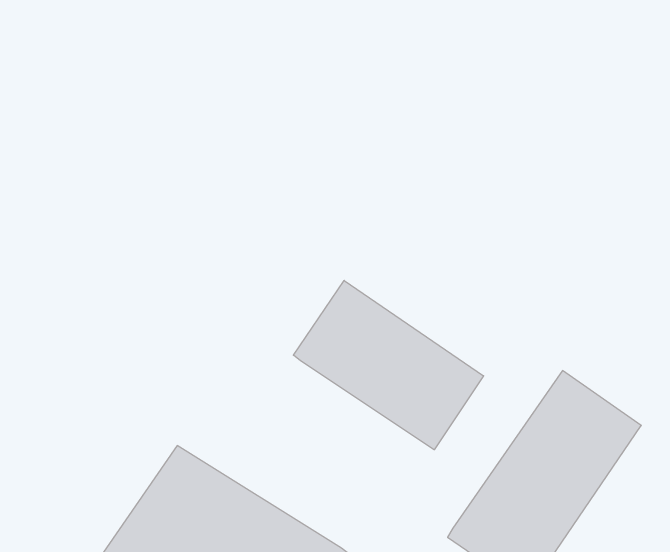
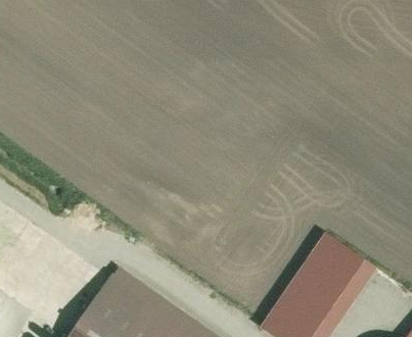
building: [293,280,484,450] -> none

